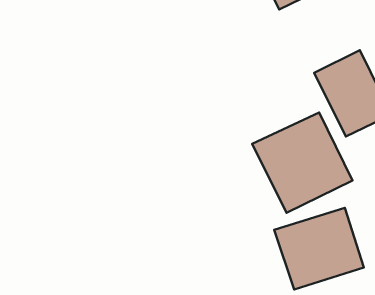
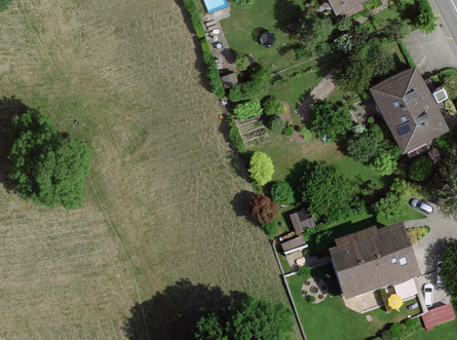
building: [252,112,353,213] -> none

